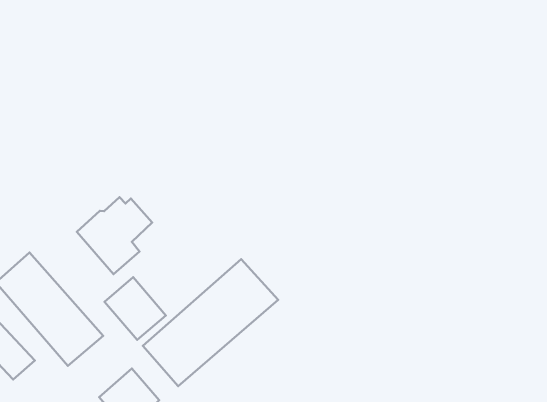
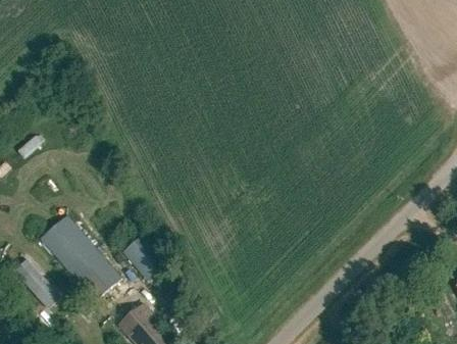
building: [77,197,152,274] -> none
building: [143,259,278,386] -> none

